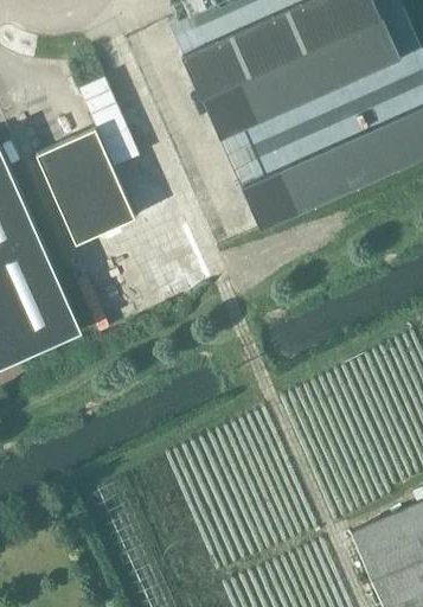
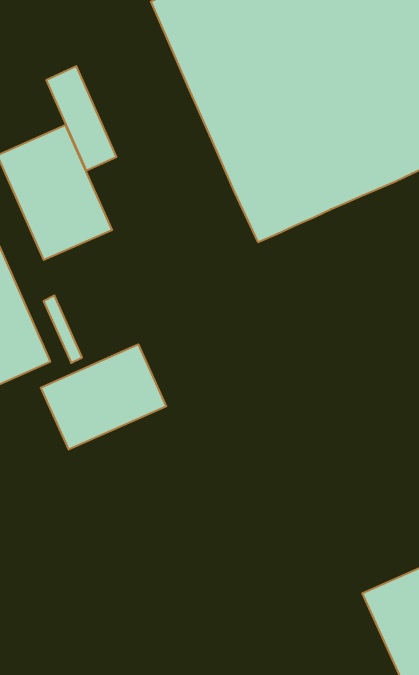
building: none -> [41,344,166,450]

